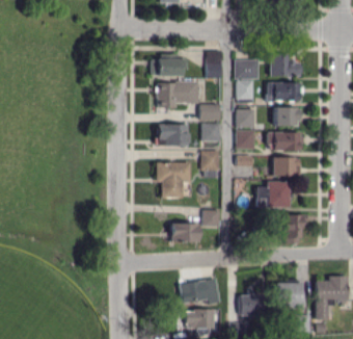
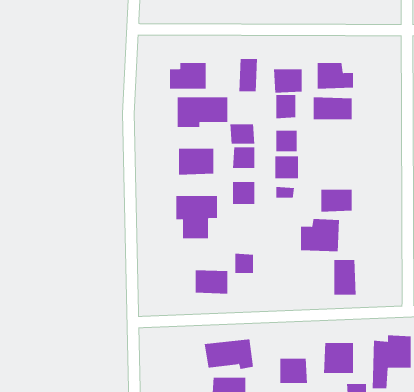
building: [275,107,300,126] -> none
building: [268,131,303,151] -> none

